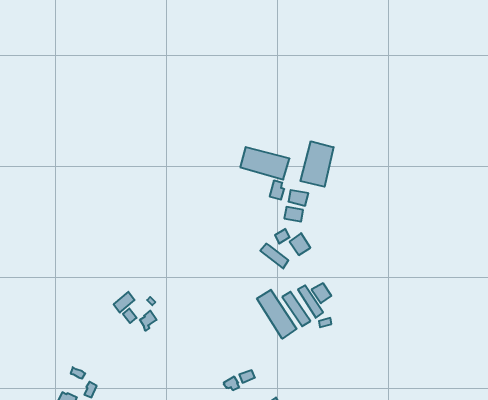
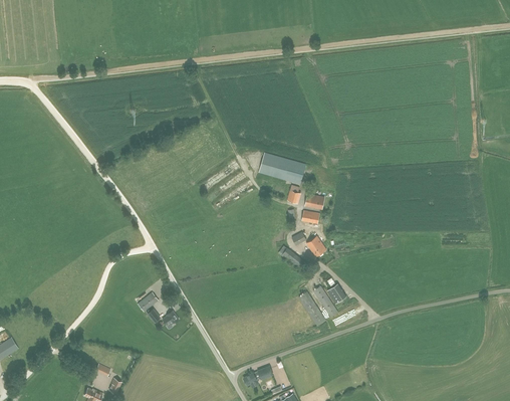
building: [300,141,334,187] -> none
building: [257,290,297,339] -> none

